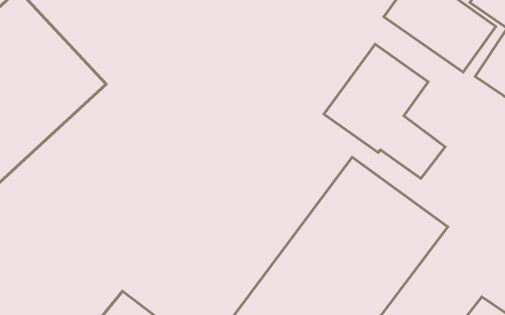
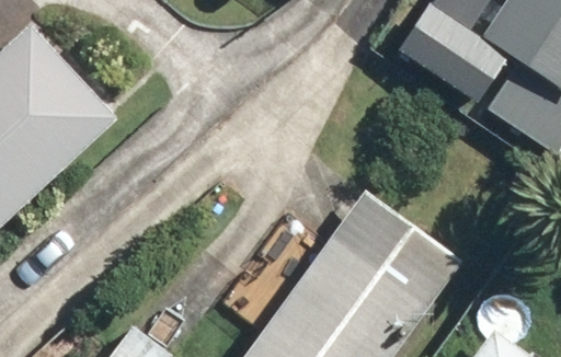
building: [324,44,445,179] -> none

